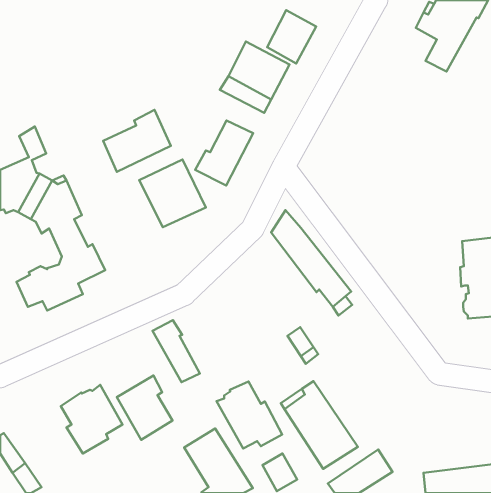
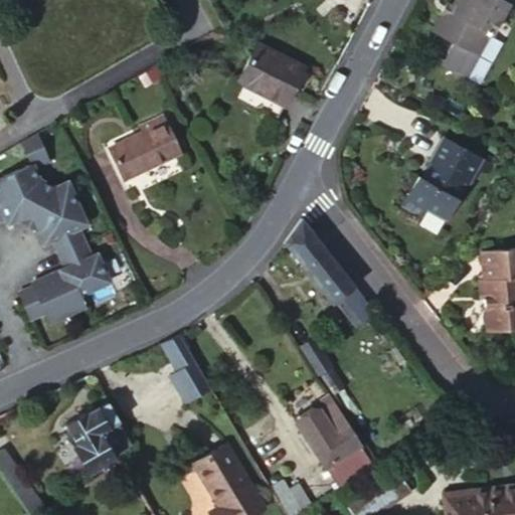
building: [267,10,316,64] -> none
building: [195,121,253,185] -> none
building: none -> [403,138,483,220]
building: [139,159,206,227] -> none
building: [117,375,172,440] -> none
building: [216,382,282,449] -> none

